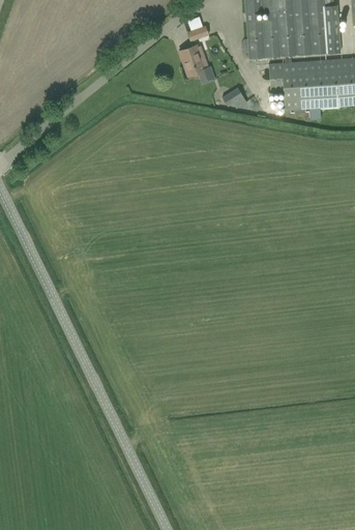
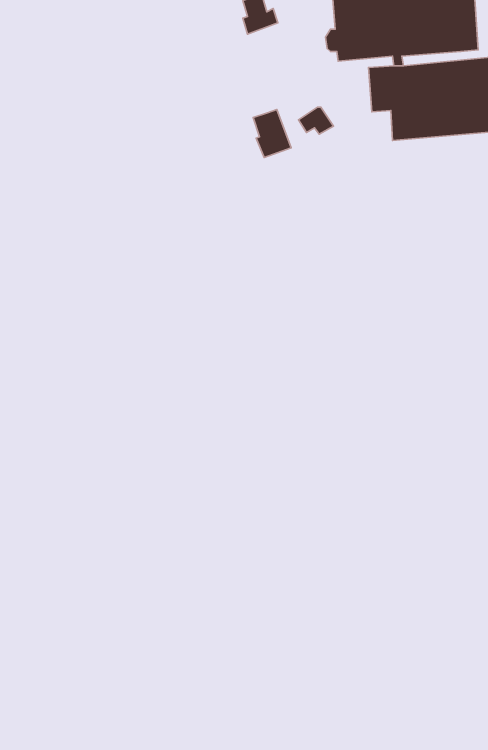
building: [182,46,207,77] -> [253,110,291,157]

